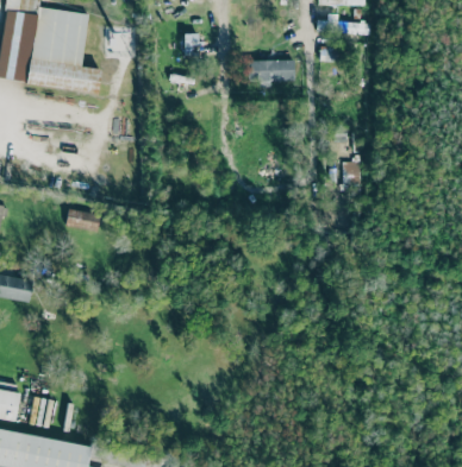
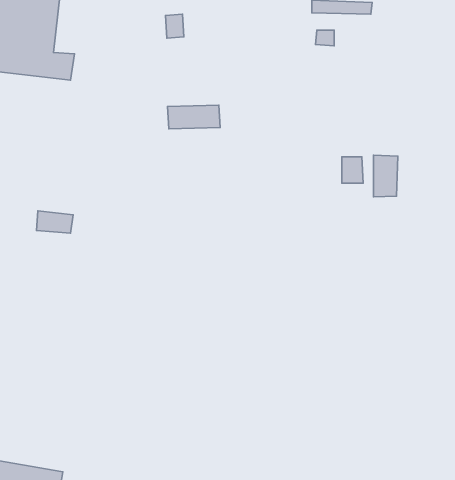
building: [248,61,295,82] -> [167,105,220,129]
building: none -> [374,155,398,197]

